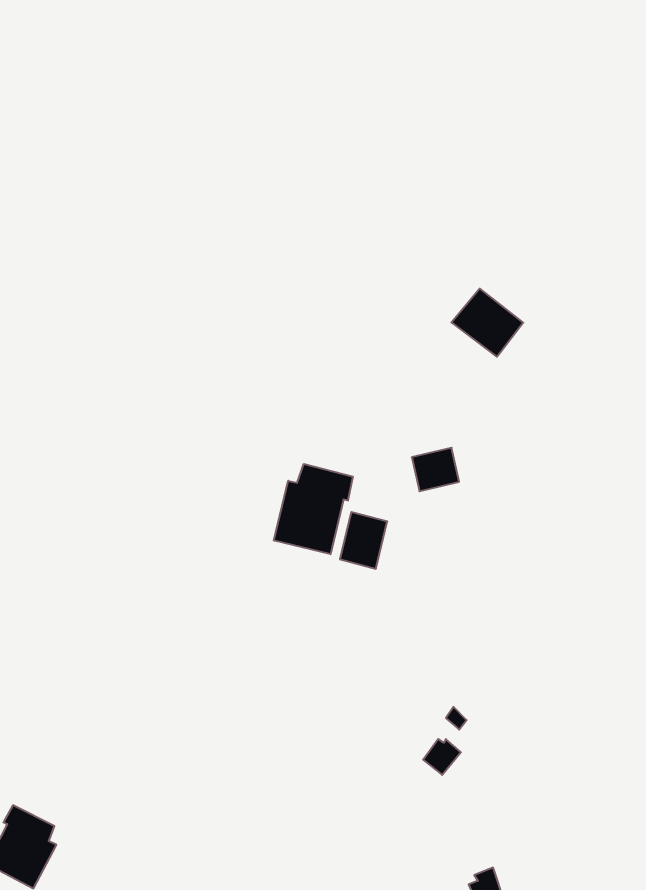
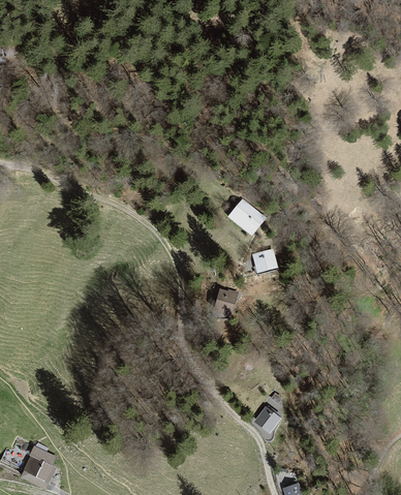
building: [451,289,523,357] -> [226,197,266,235]
building: [274,464,353,554] -> none

